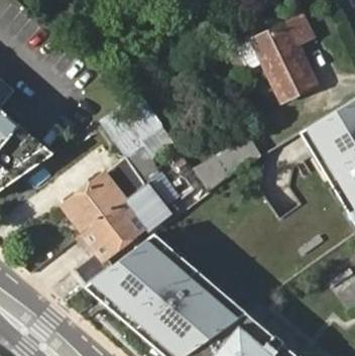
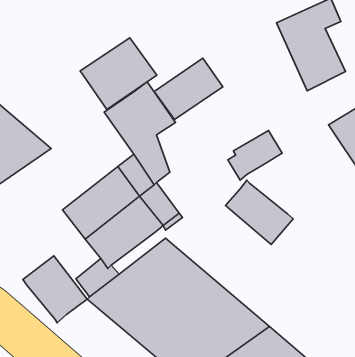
building: none -> [80,38,157,109]
building: none -> [154,58,223,119]
building: none -> [226,180,293,244]
building: none -> [23,256,87,323]

